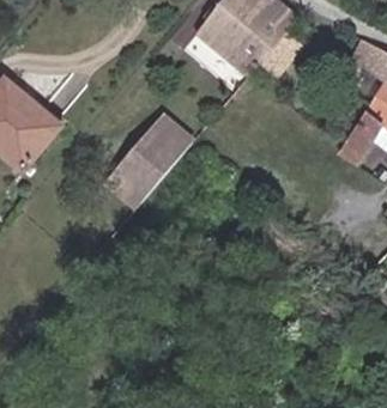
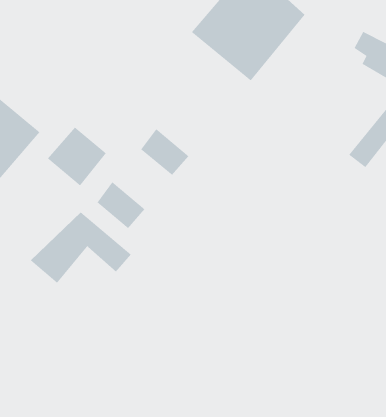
building: [126,139,180,193] -> [47,126,107,186]
building: none -> [30,212,132,284]

